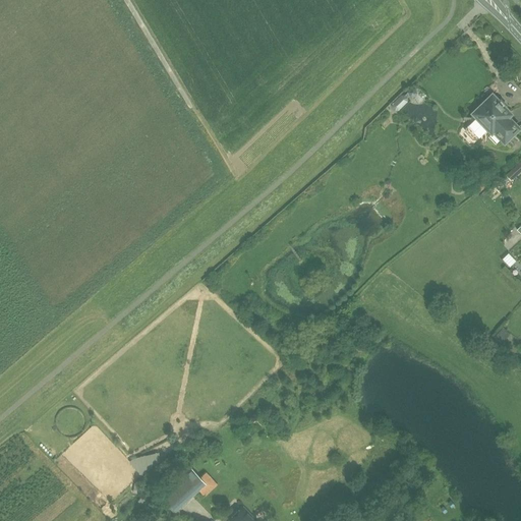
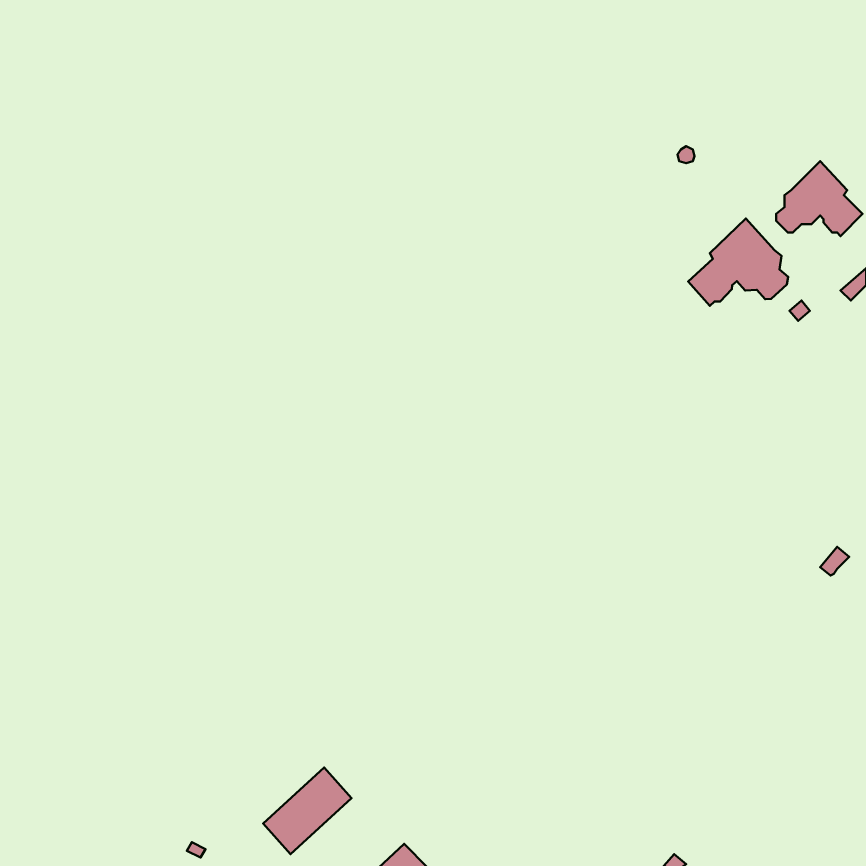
building: none -> [688,218,788,306]

